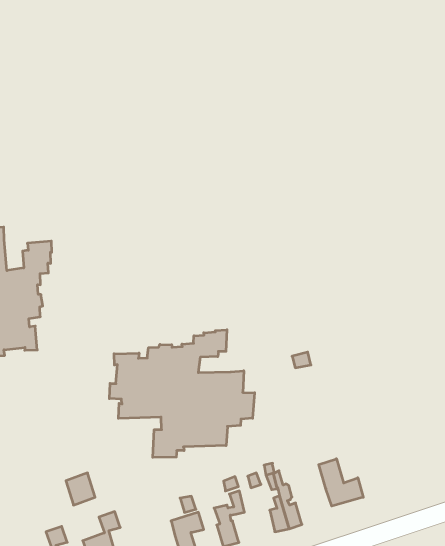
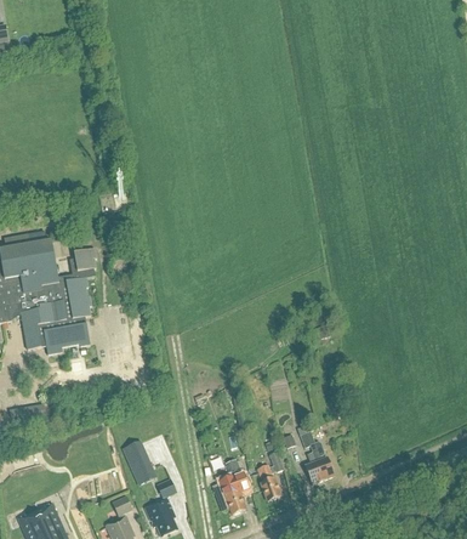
building: [109,330,255,457] -> none
building: [319,459,363,506] -> none

